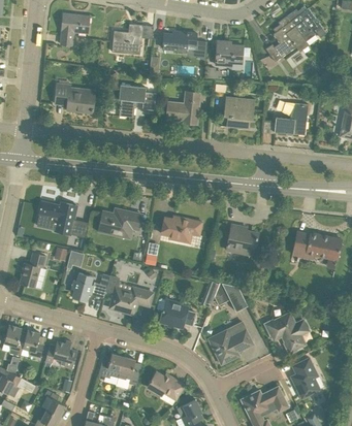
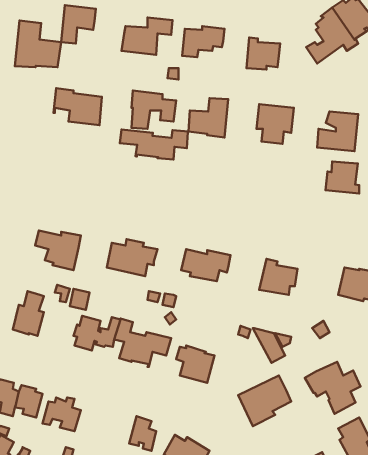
building: none -> [15,20,61,67]
building: none -> [120,129,188,159]
building: none -> [325,162,359,193]
building: [97,353,123,379] -> none

